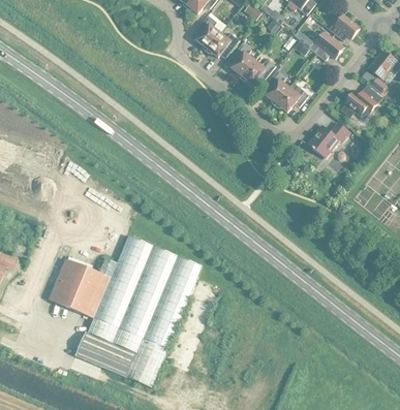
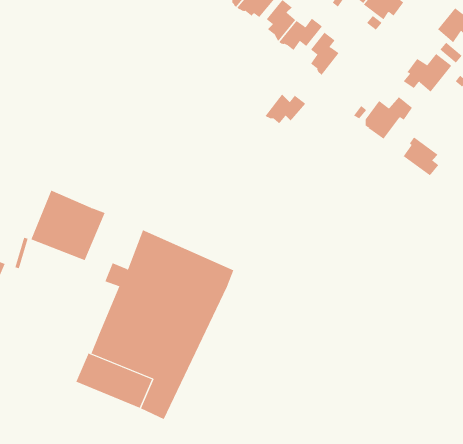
building: [275,87,309,112] -> [264,94,306,124]
building: none -> [403,136,439,176]
building: [49,258,110,316] -> [31,190,106,261]

